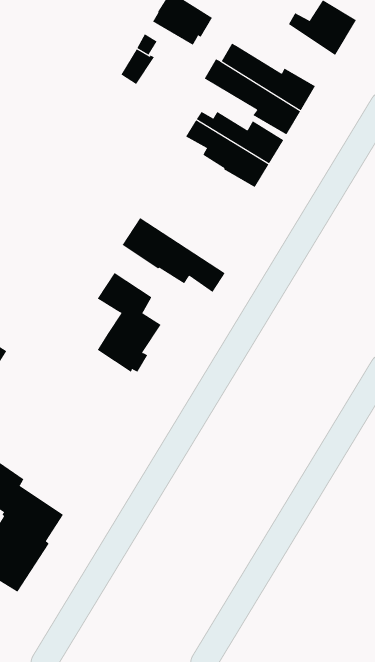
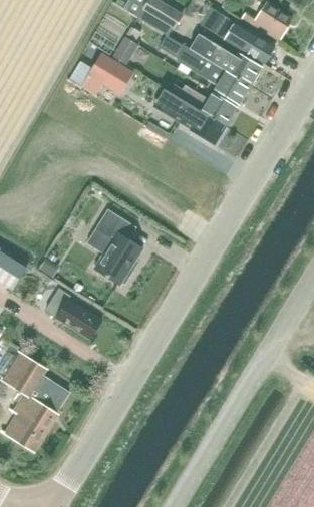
building: none -> [199,6,275,64]
building: none -> [80,53,132,94]
building: [122,217,225,293] -> none
building: none -> [44,289,102,340]

